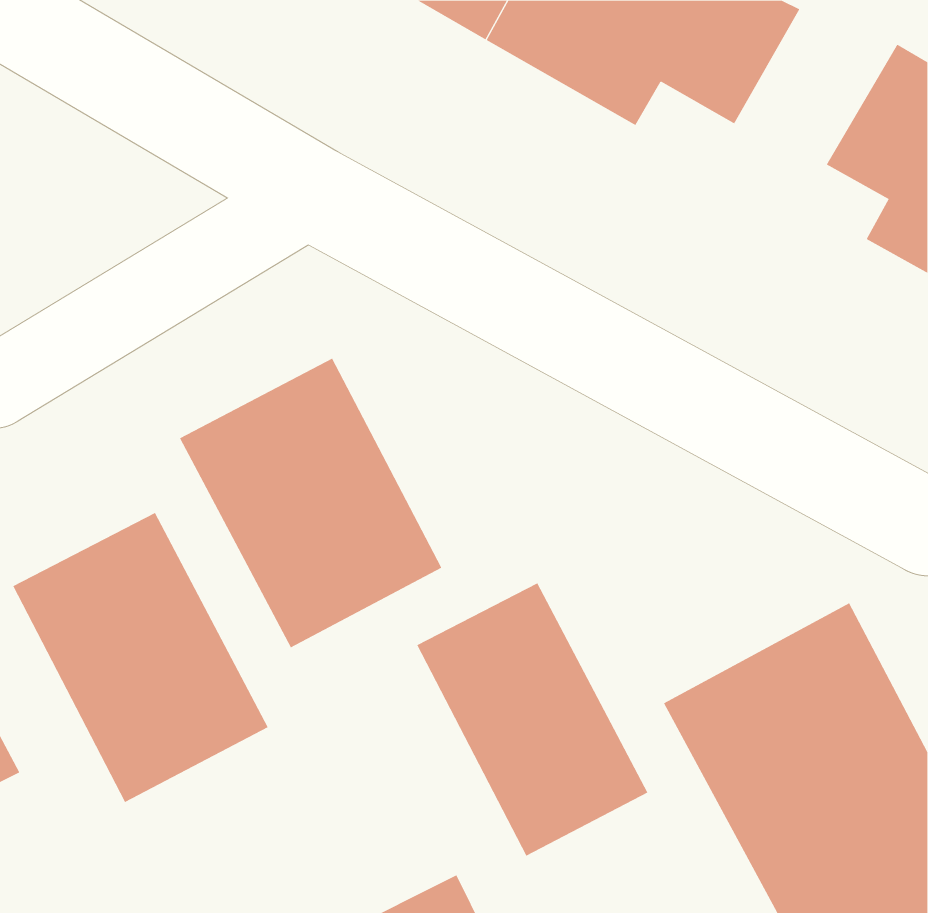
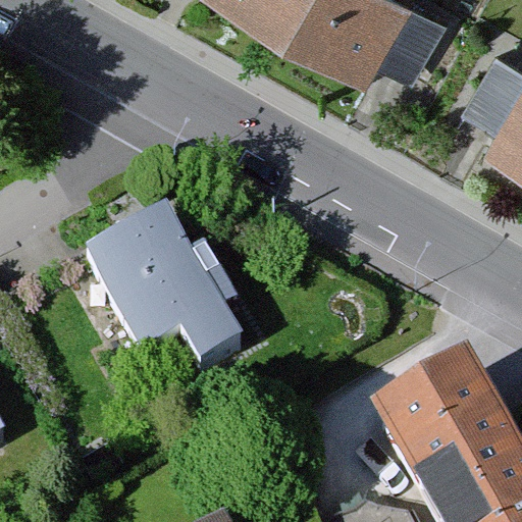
building: [12,512,268,803] -> none
building: [416,582,648,857] -> none

